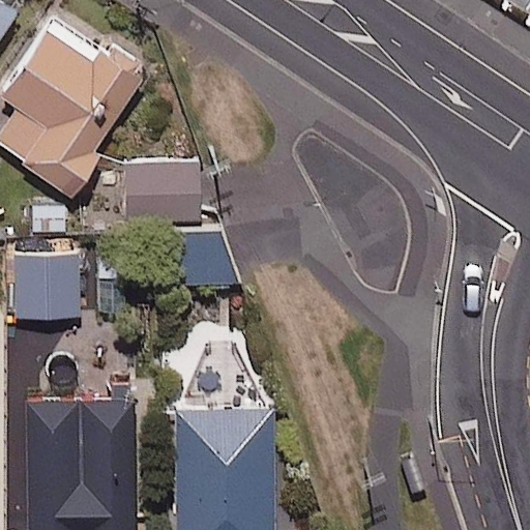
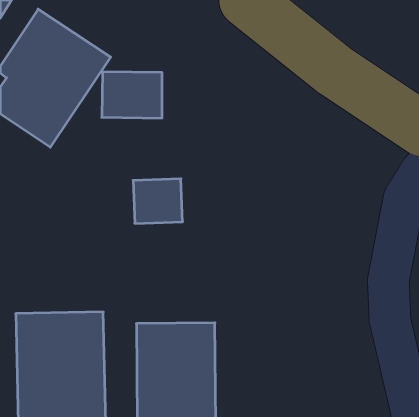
building: [125,166,201,224] -> [102,72,162,118]
building: [19,256,80,319] -> none

